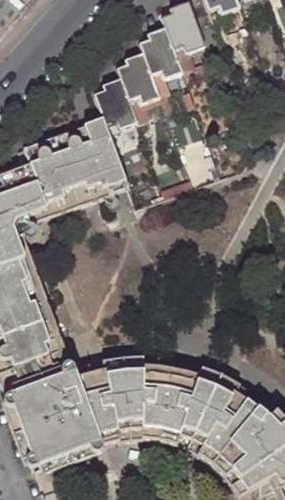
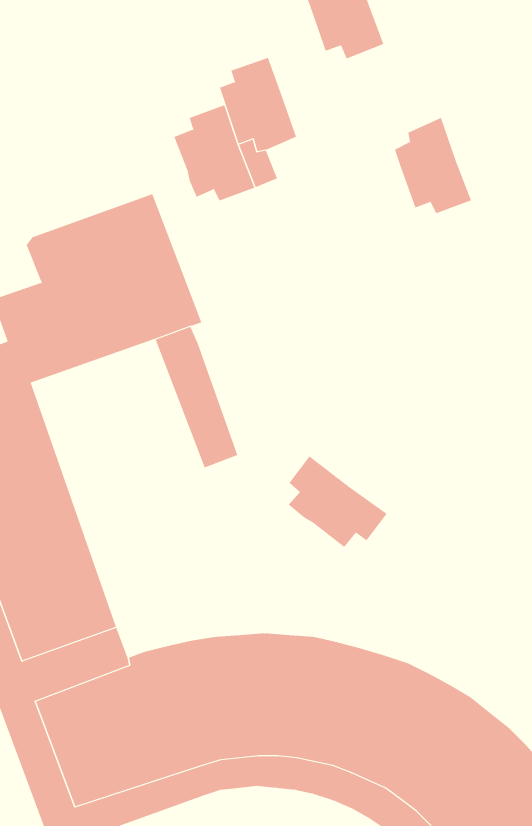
building: [142,26,183,77] -> [394,117,472,214]
building: [84,117,128,192] -> [155,326,238,468]
building: none -> [288,455,387,548]

